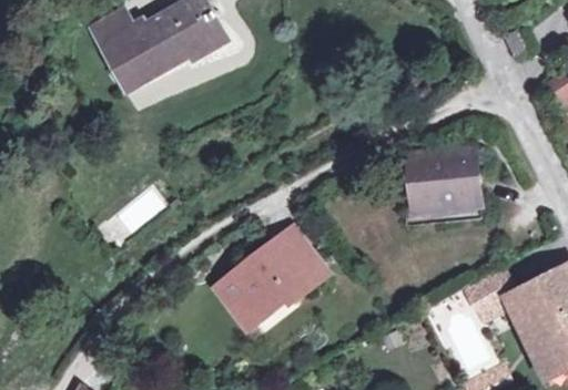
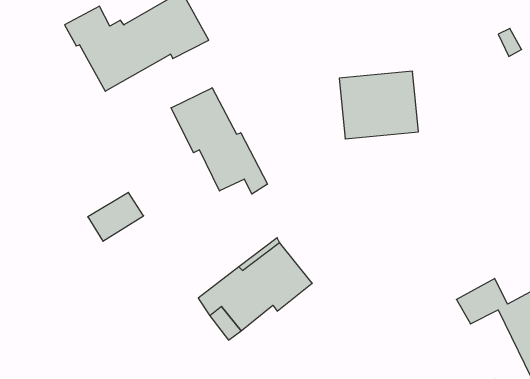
building: none -> [171,88,267,194]
building: [407,147,483,212] -> [339,71,418,139]

